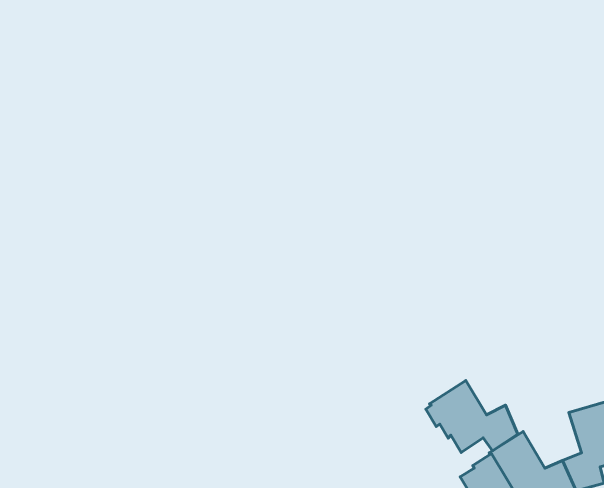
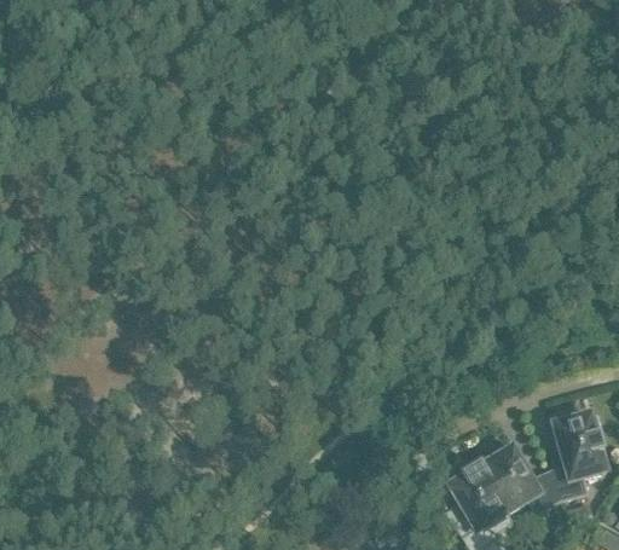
building: [426,381,518,452] -> none

